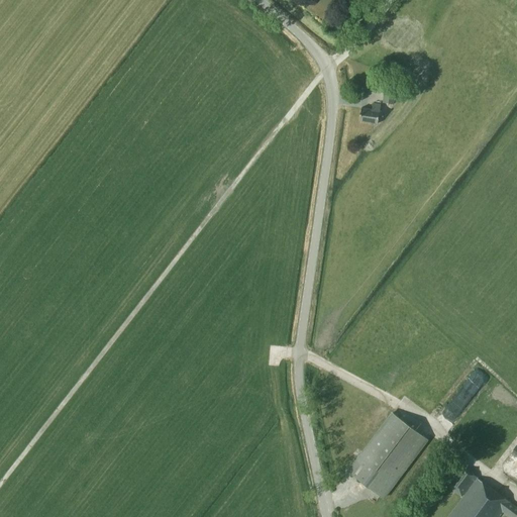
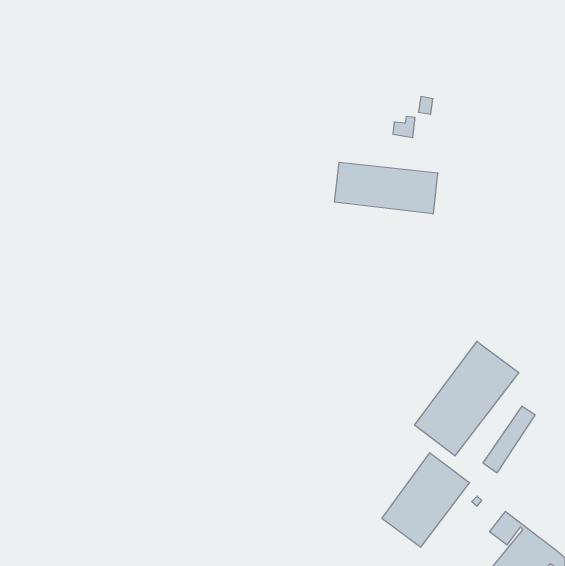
building: none -> [335,162,438,214]
building: none -> [415,341,519,456]

